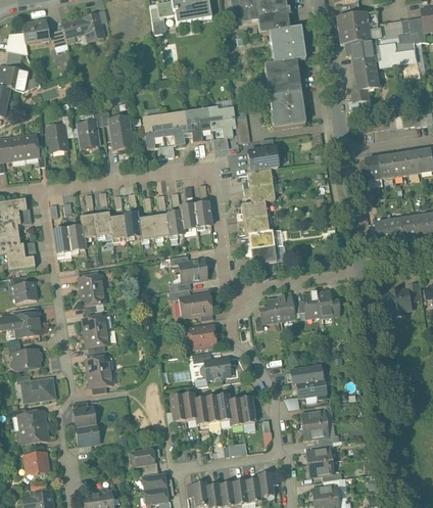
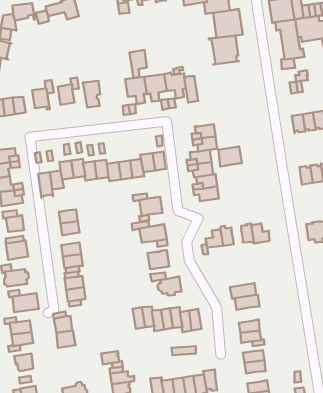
building: [270,91,305,127] -> none
building: [143,113,164,148] -> [129,50,147,78]
building: [249,147,278,172] -> [219,146,242,166]

